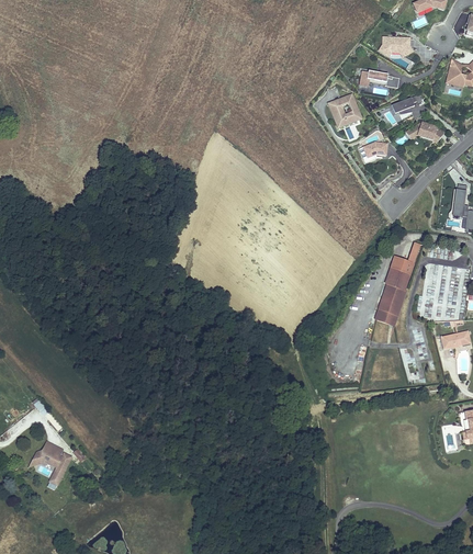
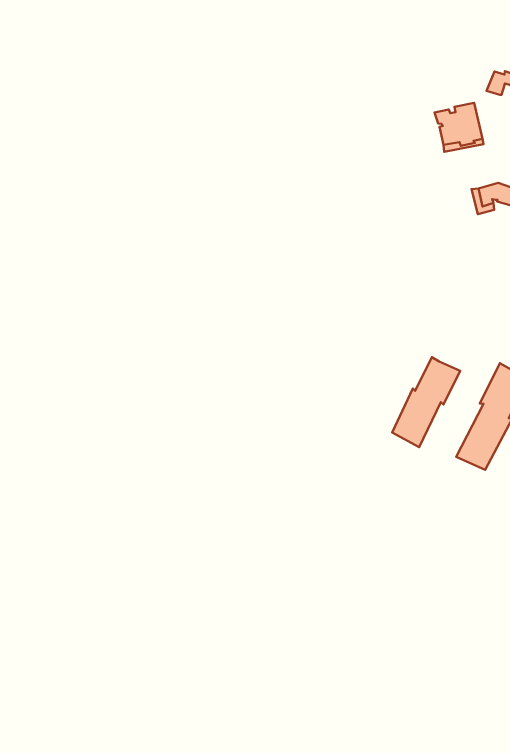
building: none -> [392,357,460,447]

